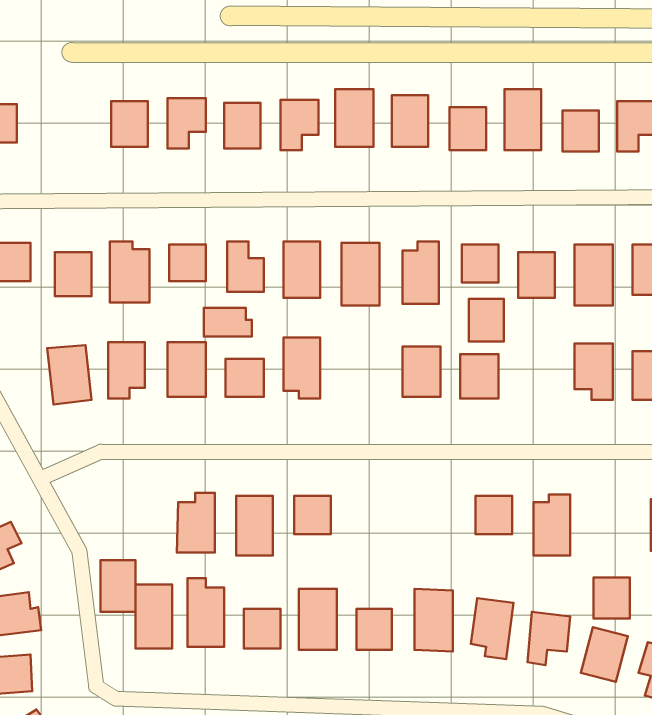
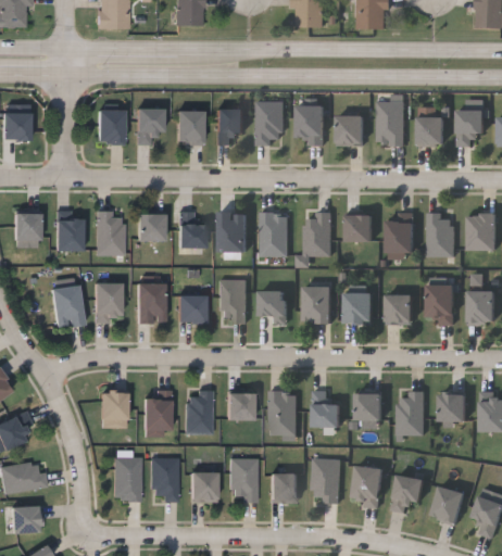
building: [469,299,504,341] -> [387,293,412,324]
building: [204,308,252,337] -> none
building: none -> [260,290,287,324]
building: none -> [313,390,340,426]
building: none -> [268,391,296,434]
building: [100,560,135,612] -> [101,390,126,427]
building: [593,577,630,619] -> [440,392,466,421]

